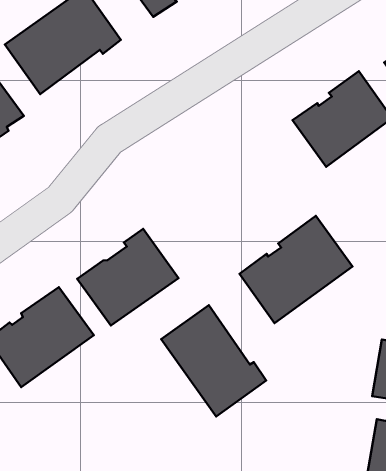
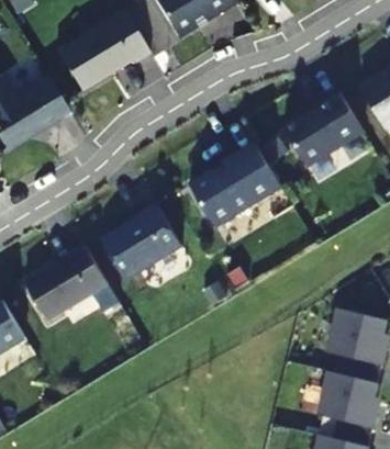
building: [239,216,352,323] -> [188,144,279,227]
building: [161,305,266,416] -> none

